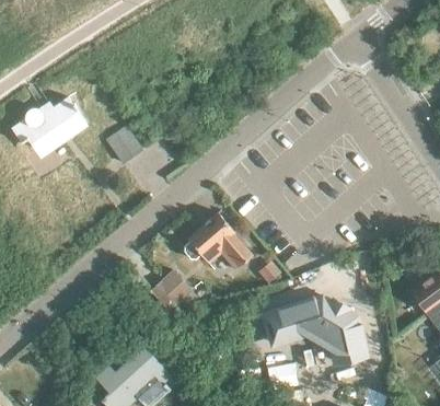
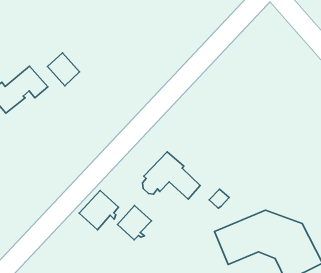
building: [105,126,141,164] -> [48,53,80,86]
building: none -> [79,191,118,230]

